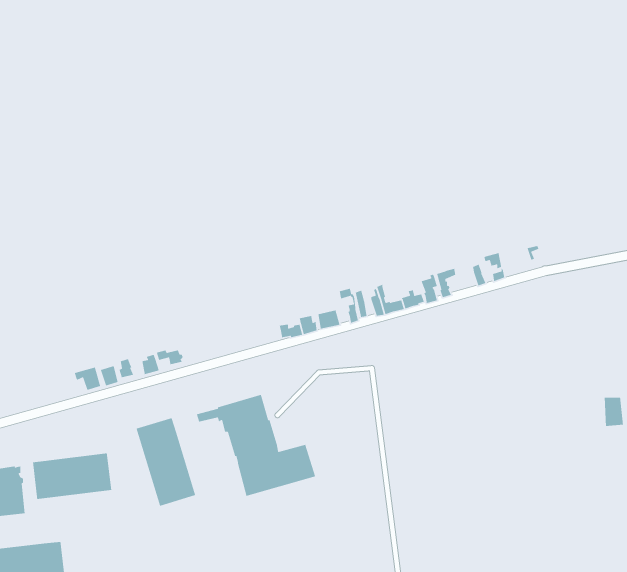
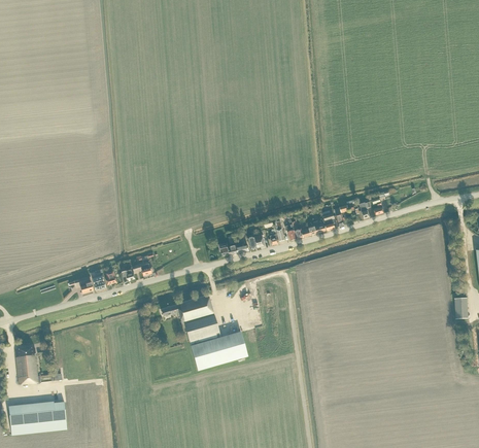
building: [136,417,196,507] -> none
building: [32,453,112,500] -> none

